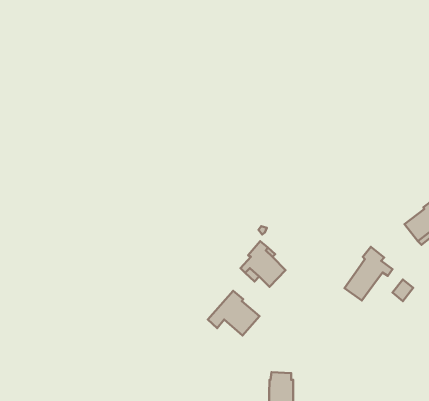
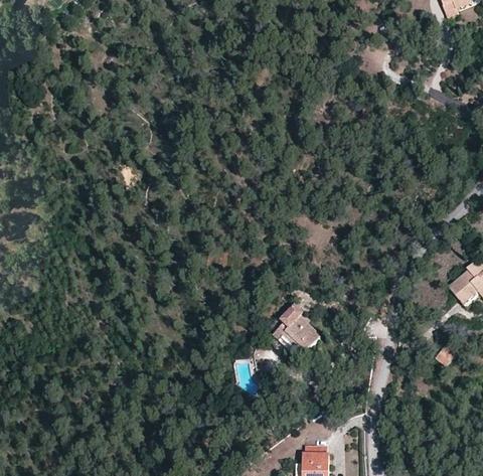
building: [344,247,393,301] -> none
building: [208,291,259,335] -> none

